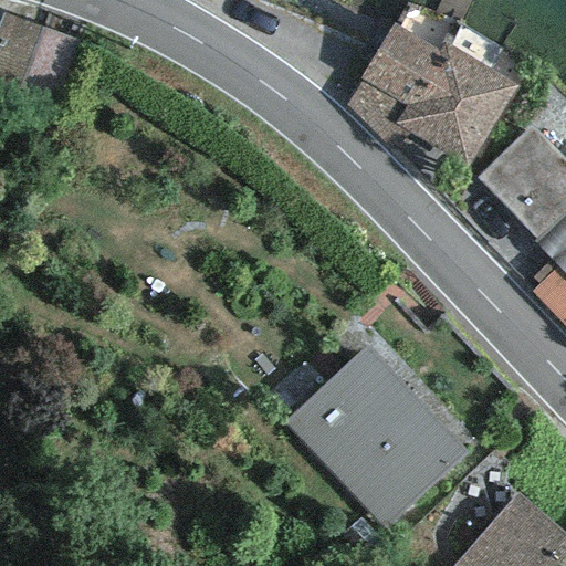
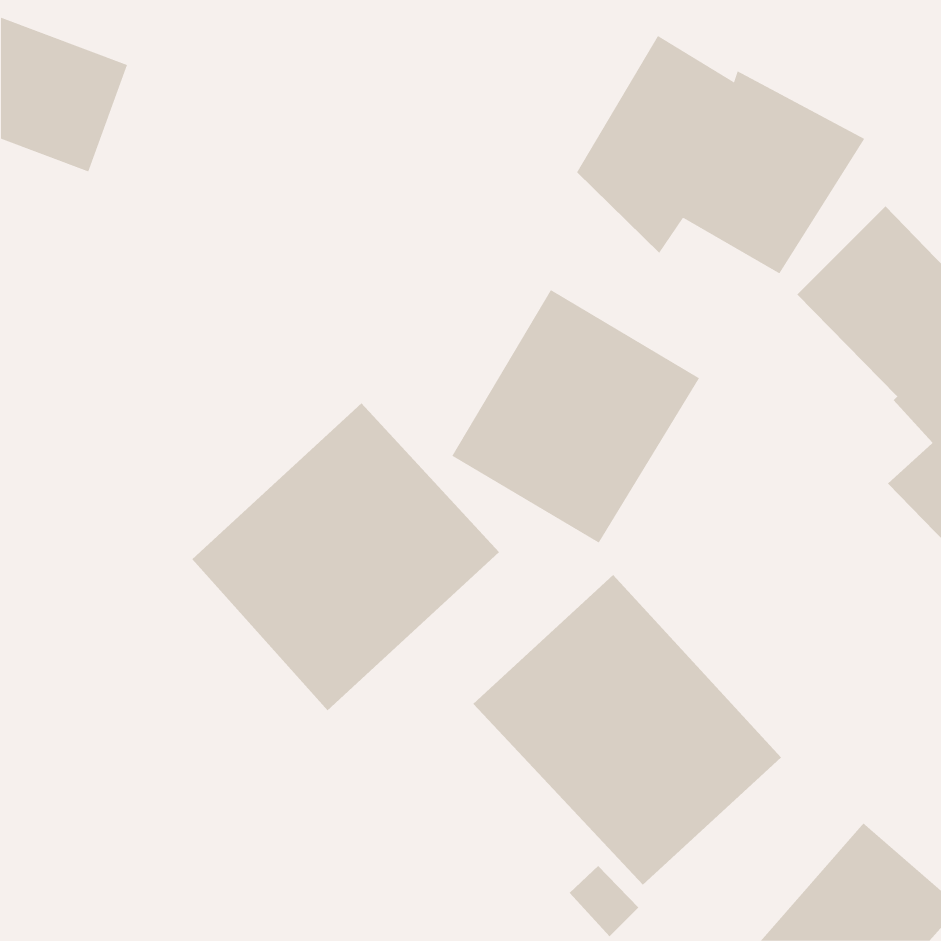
building: none -> [452,289,700,544]
building: none -> [191,402,500,711]

